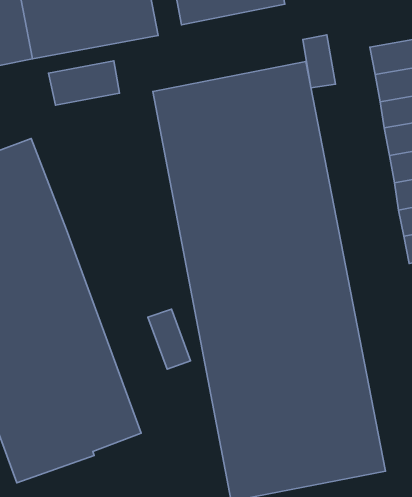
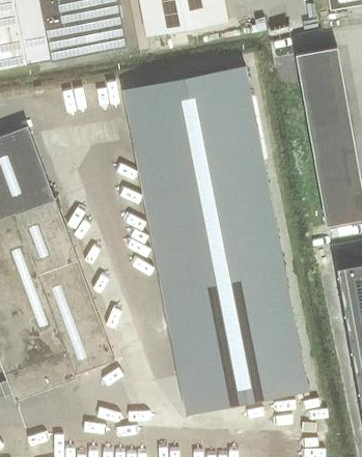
building: [303,35,335,88] -> none
building: [48,61,119,105] -> none
building: [148,309,190,369] -> none

